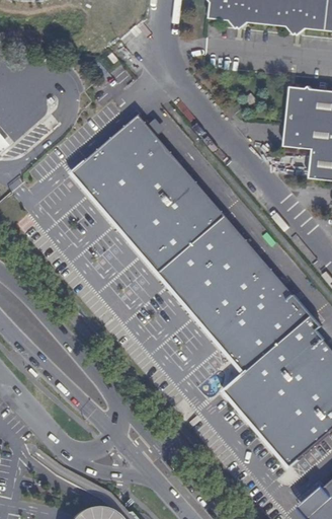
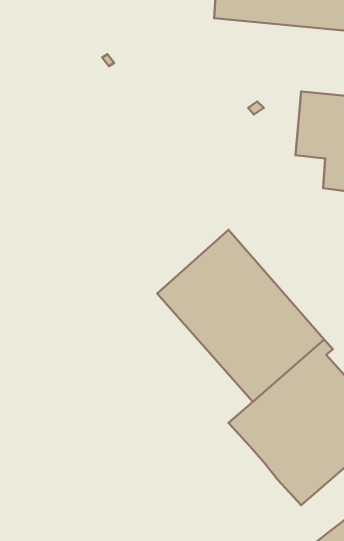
building: [69,115,222,273] -> none

